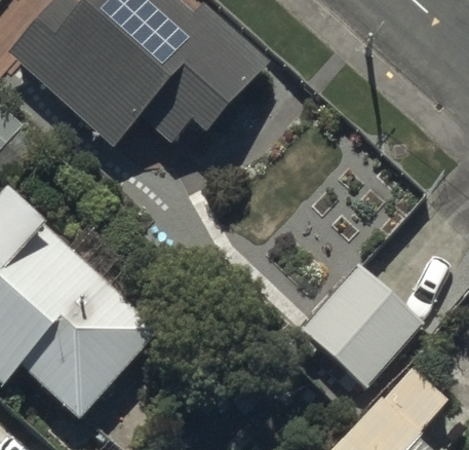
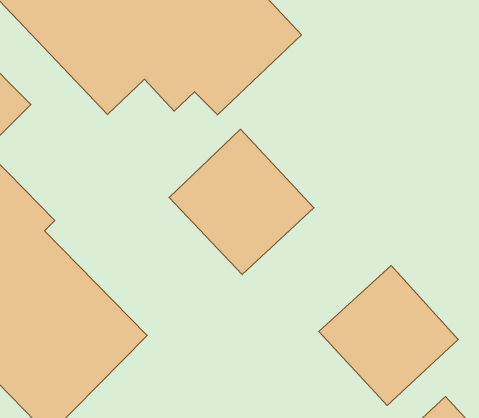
building: none -> [169,129,314,275]

